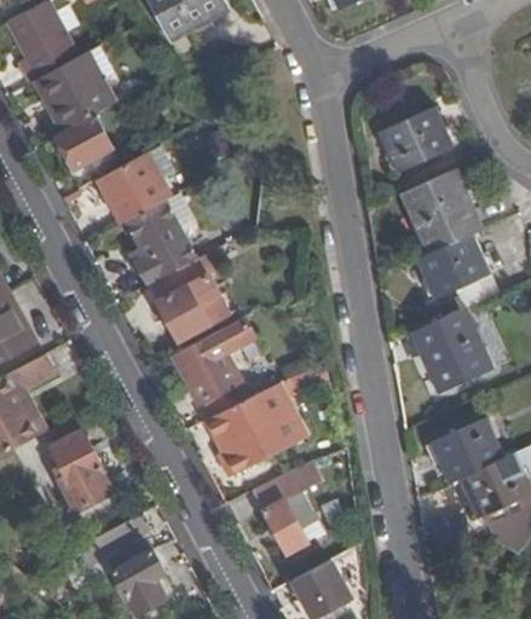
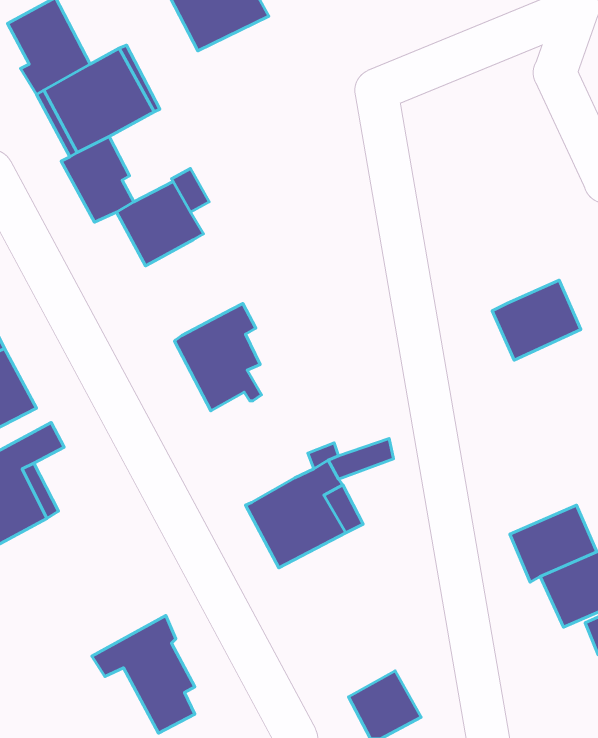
building: [381,104,455,172] -> none
building: [399,169,480,254] -> none
building: [129,201,196,284] -> none
building: [408,310,491,395] -> none
building: [172,318,253,420] -> none
building: [51,430,112,511] -> none
building: [253,474,310,557] -> none

